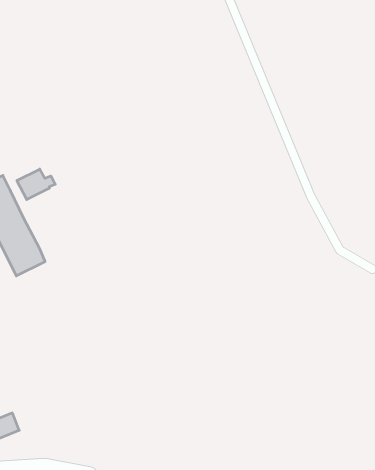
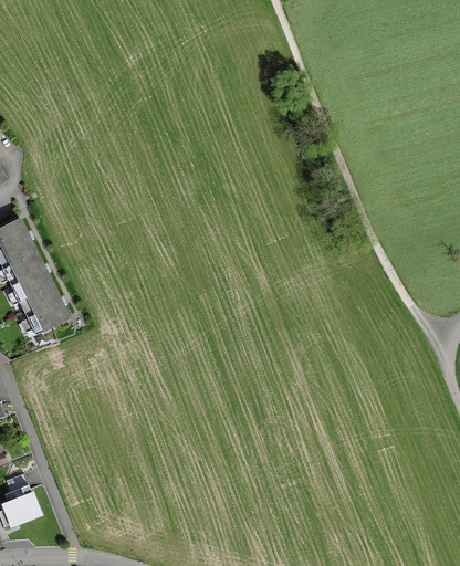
building: [17,169,55,200] -> none

